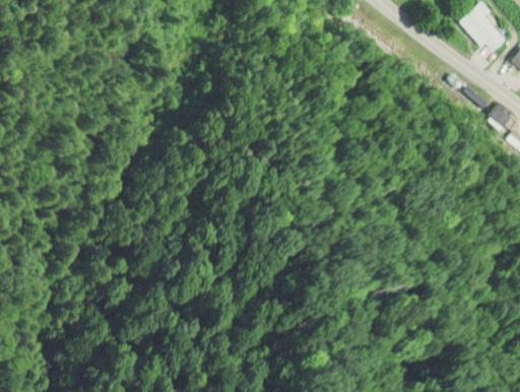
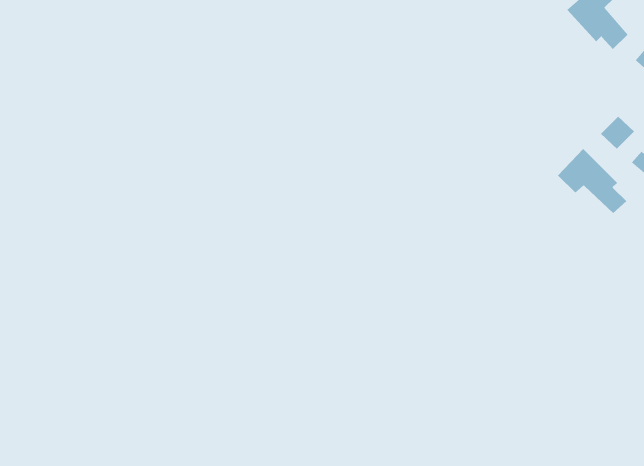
building: none -> [557,148,627,214]

